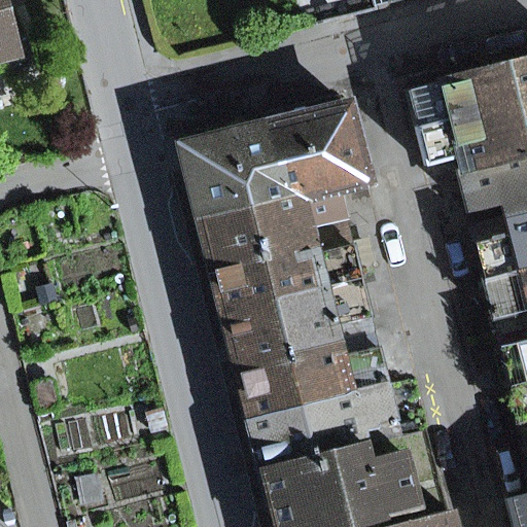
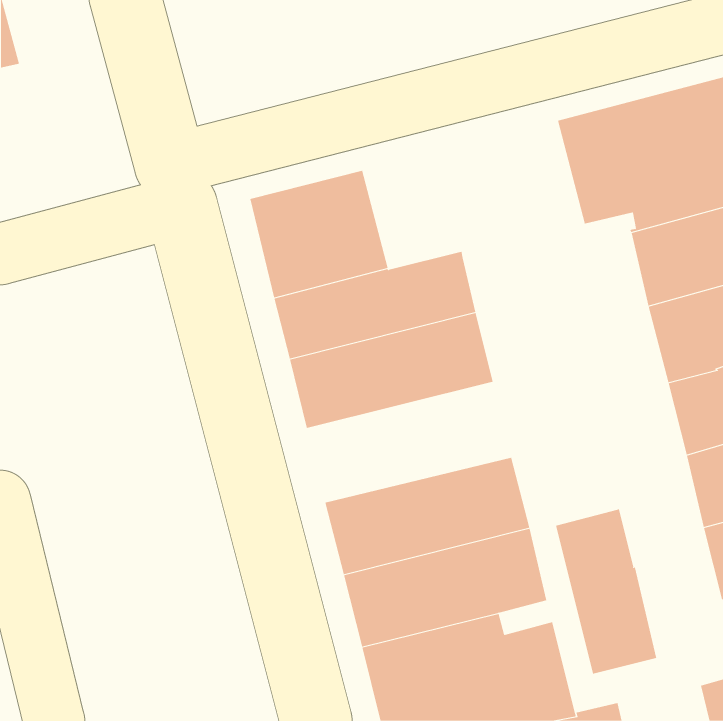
building: [265,103,367,196] -> none
building: [223,277,373,364] -> none
building: none -> [556,509,657,674]

